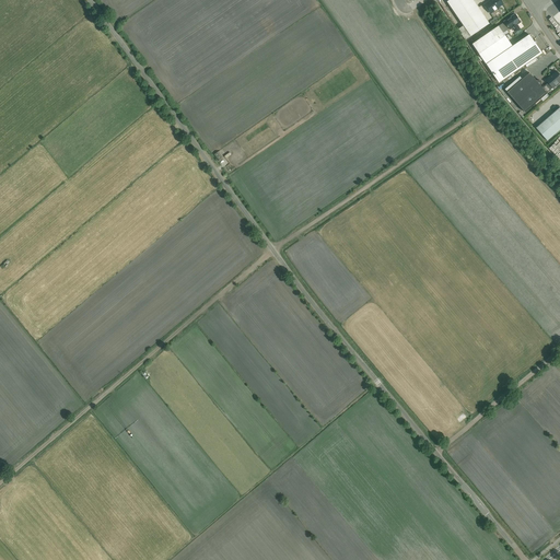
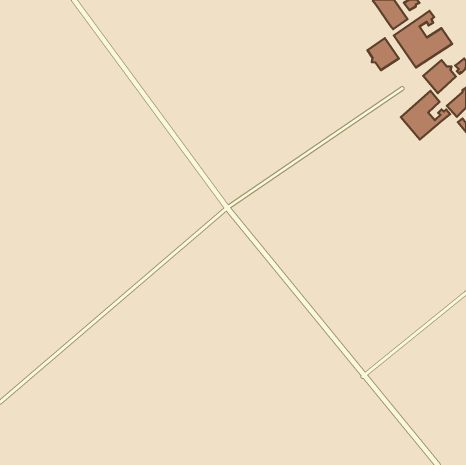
building: none -> [367,38,399,70]
building: none -> [401,91,450,140]

